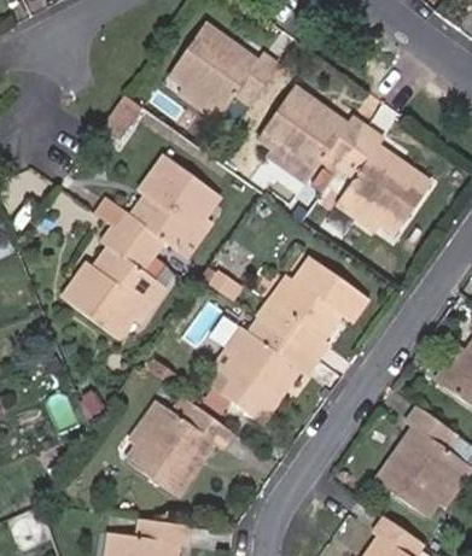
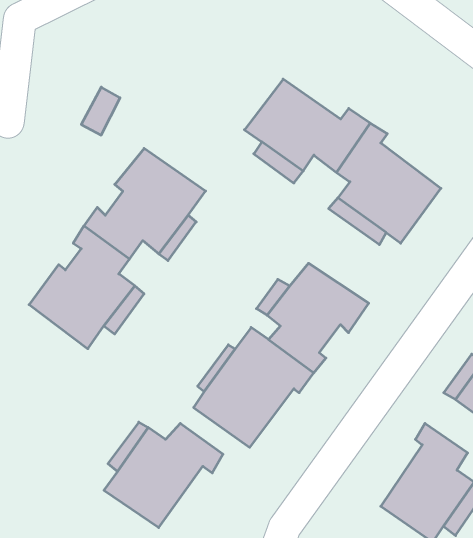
building: [161,27,273,111] -> none

